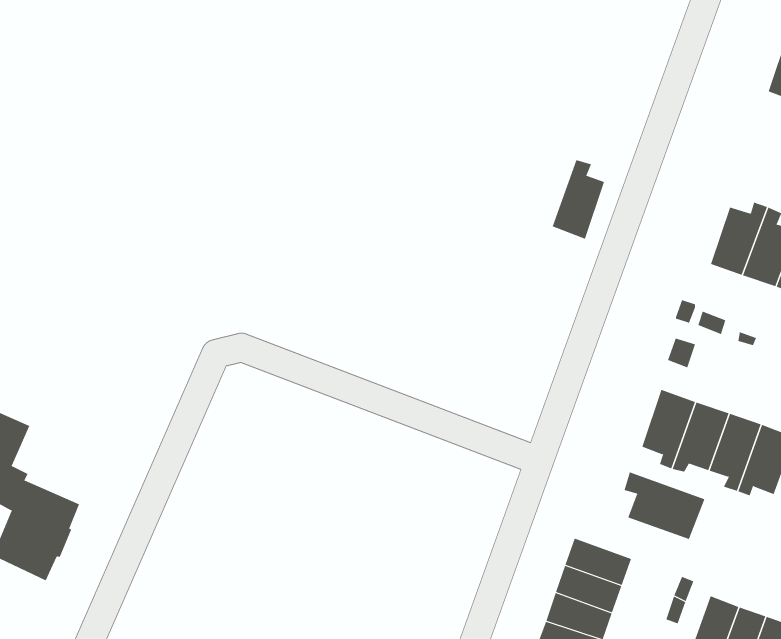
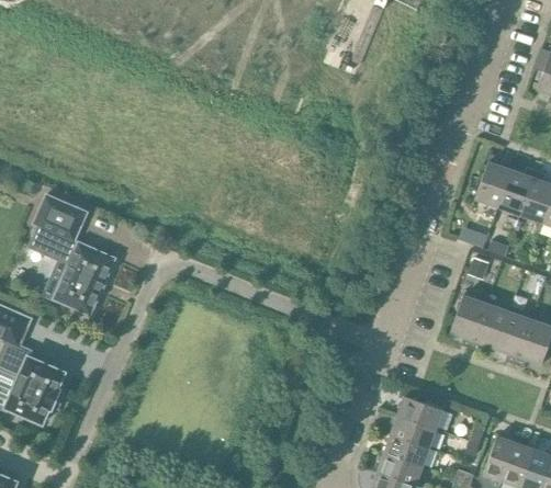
building: [552,159,605,239] -> [474,154,510,208]
building: none -> [30,195,114,316]
building: [624,472,705,540] -> none

